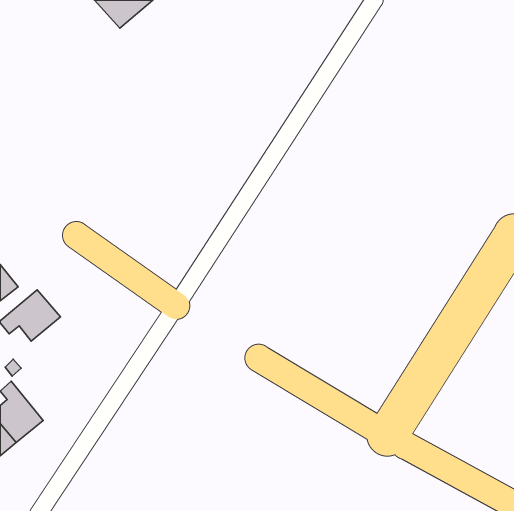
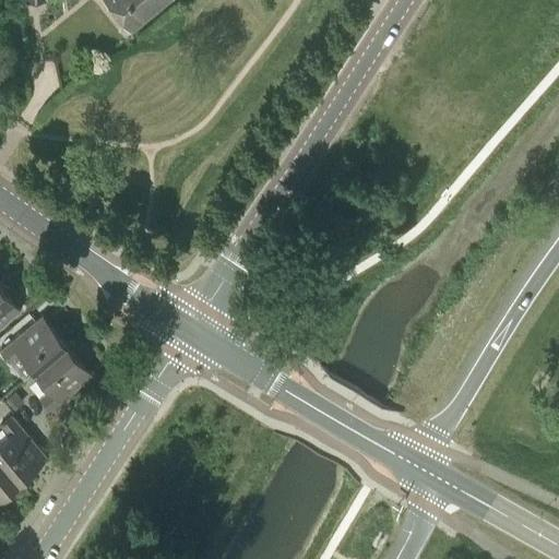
building: none -> [34,347,91,412]

